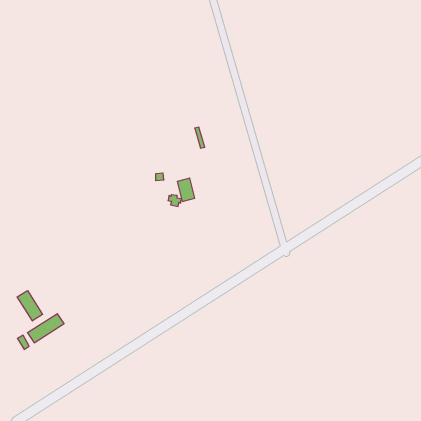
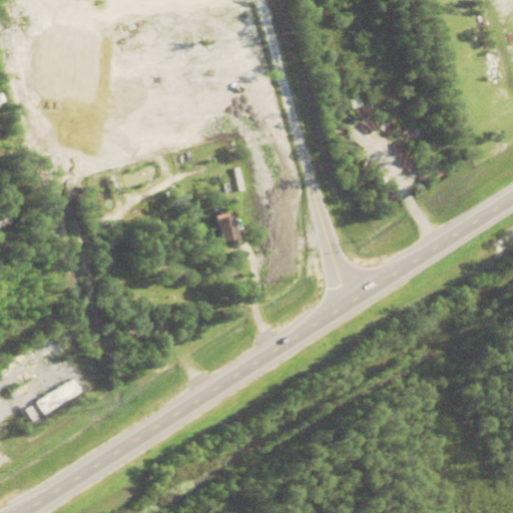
building: [17,291,43,321] -> none

